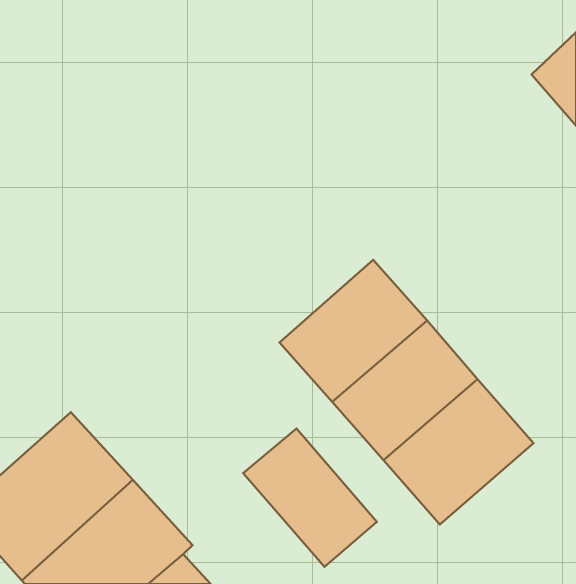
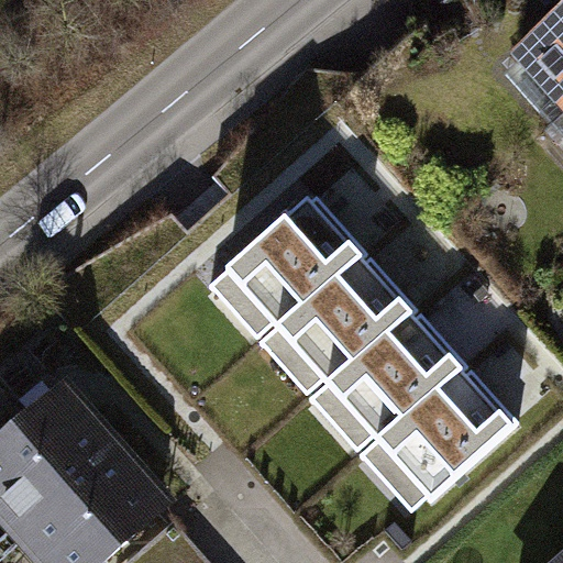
building: none -> [218,191,358,329]
building: [243,428,377,567] -> none

